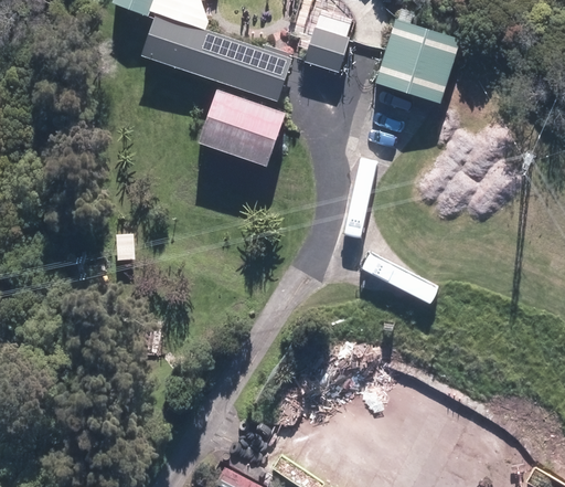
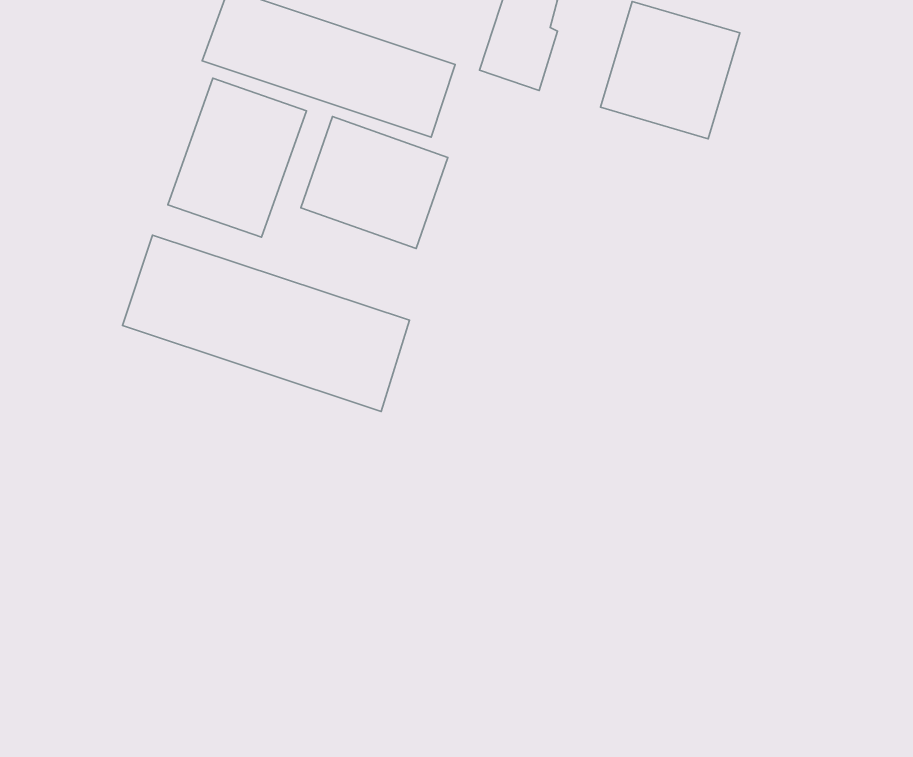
building: none -> [168,78,307,237]
building: none -> [123,235,410,412]

